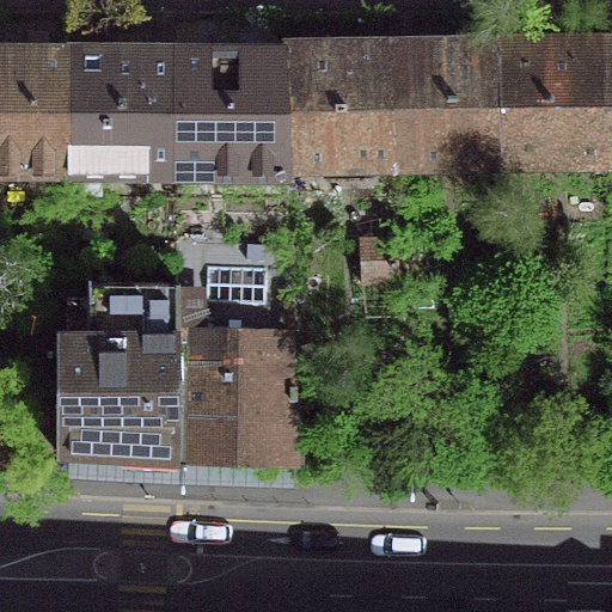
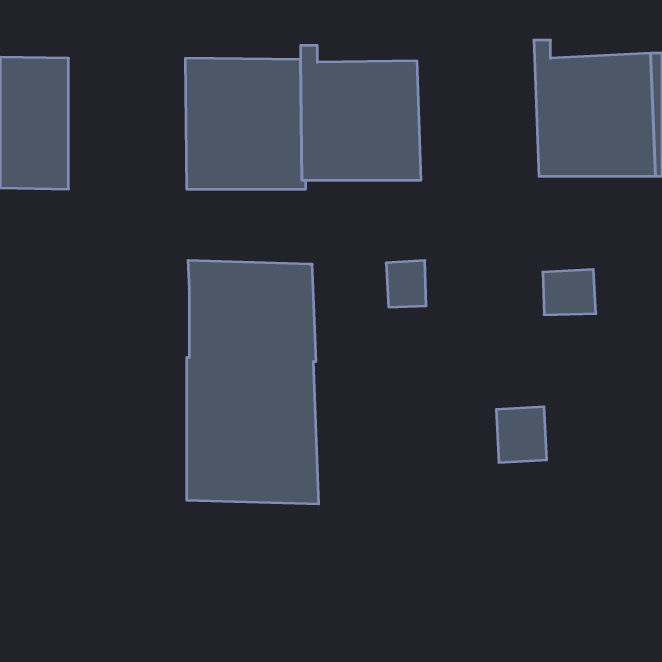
building: [385,37,497,166] -> none
building: [63,54,172,175] -> none
building: [55,267,175,461] -> none

